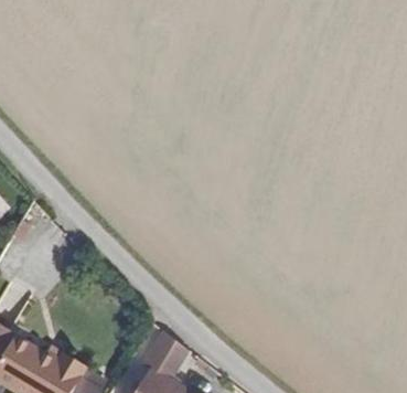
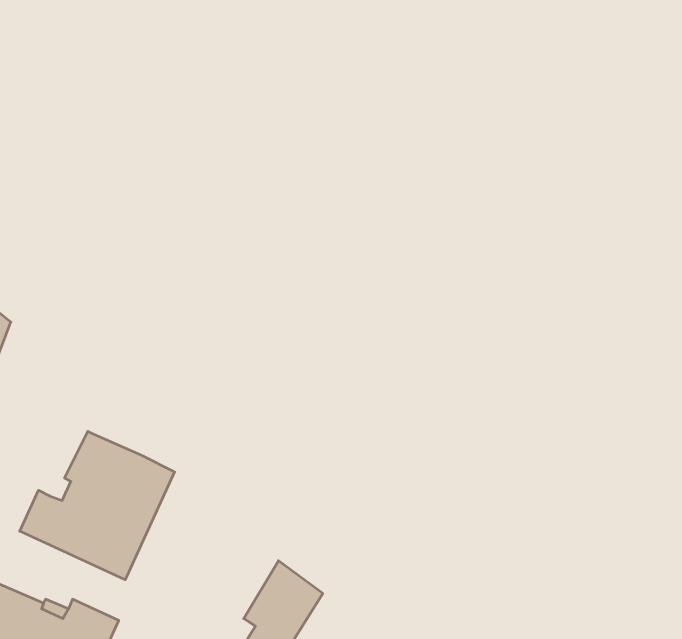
building: none -> [20,431,175,580]

